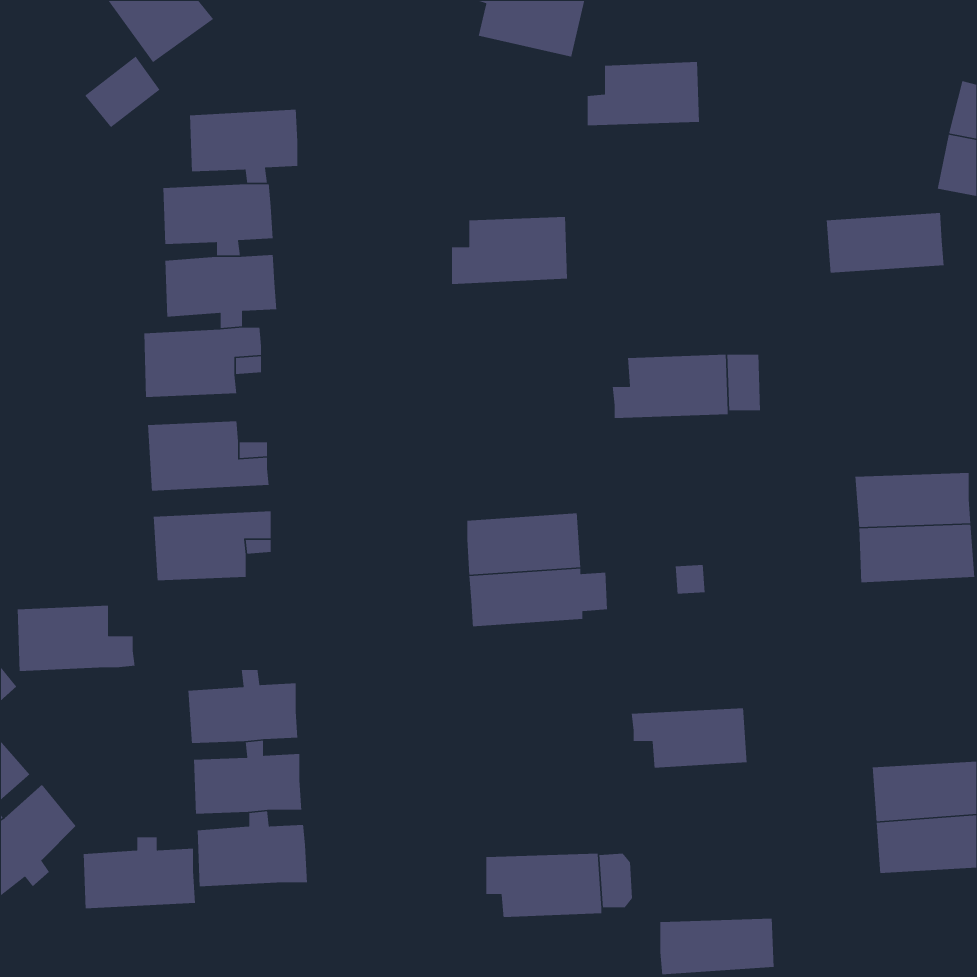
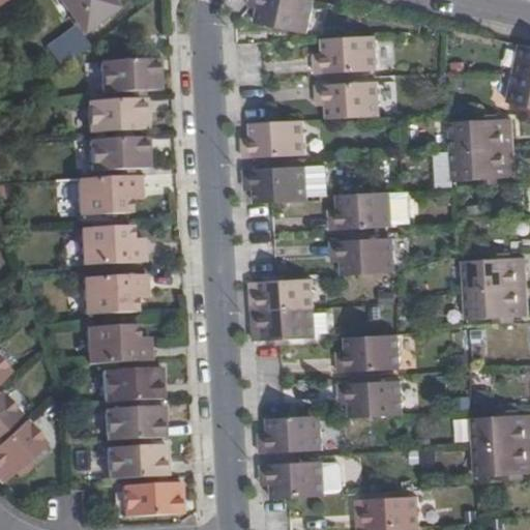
building: none -> [319,78,382,115]
building: none -> [449,144,513,178]
building: none -> [245,165,310,201]
building: none -> [333,236,396,272]
building: [17,605,135,672] -> [86,328,150,364]
building: none -> [340,333,403,366]
building: none -> [261,414,323,451]
building: [83,836,196,909] -> [121,478,182,518]

